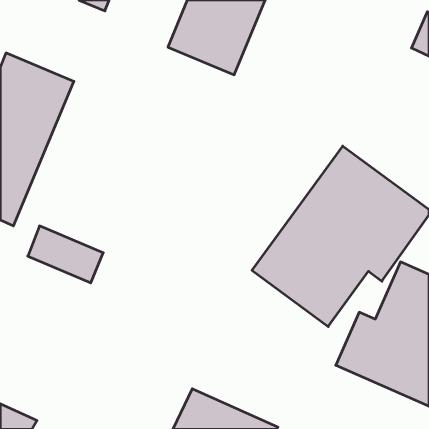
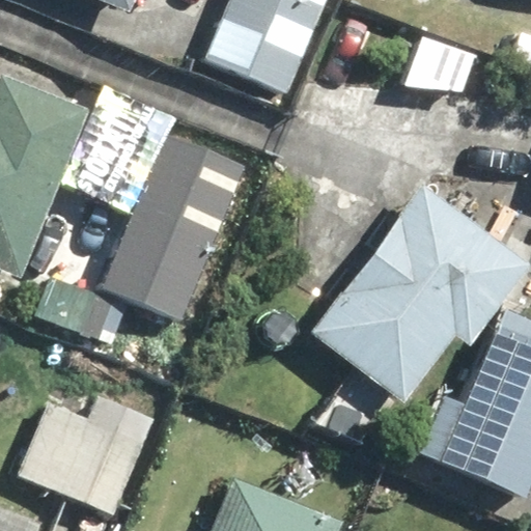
building: none -> [99,130,250,324]
building: none -> [13,387,150,516]

